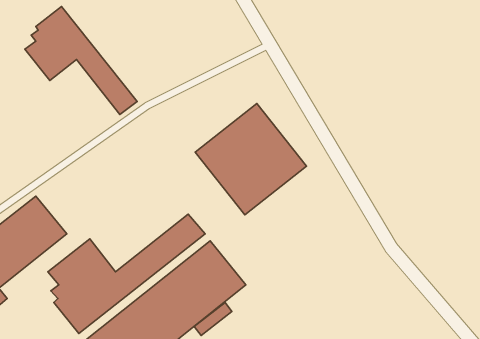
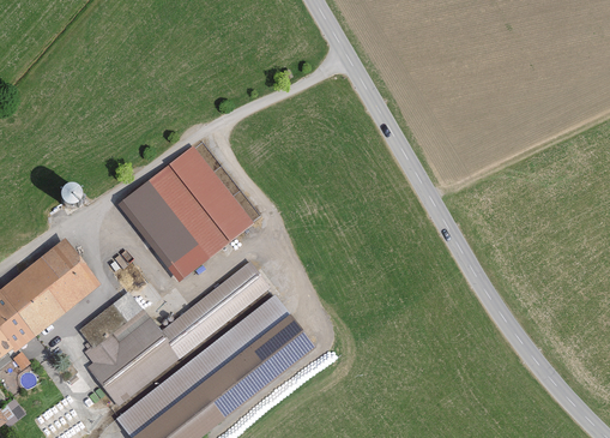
building: [25,7,137,114] -> none
building: [195,103,307,215] -> [119,146,253,281]

